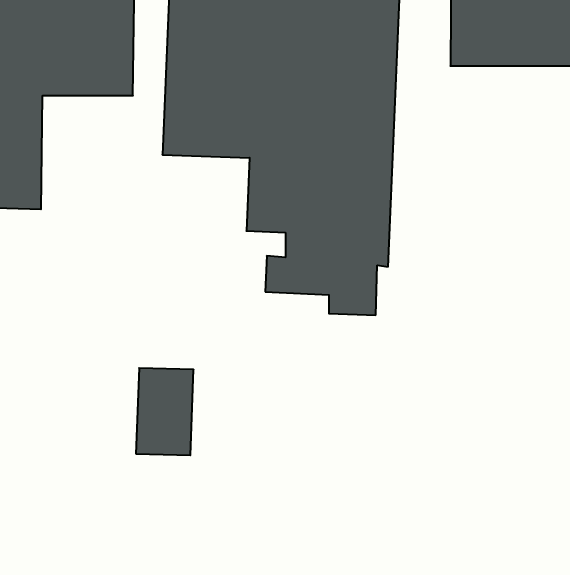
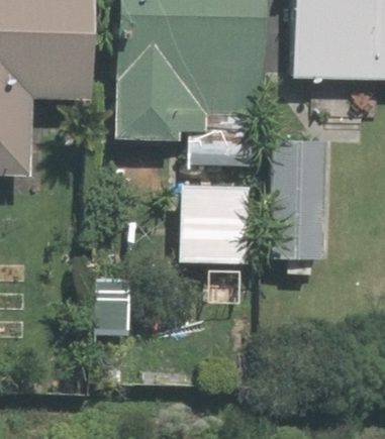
building: none -> [272,140,327,260]

